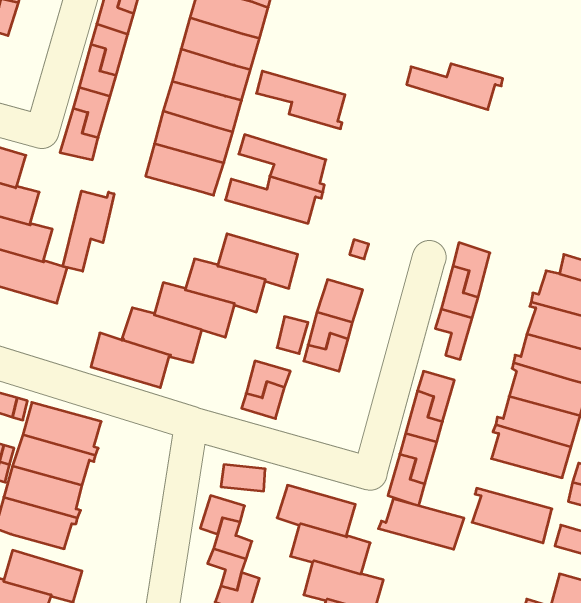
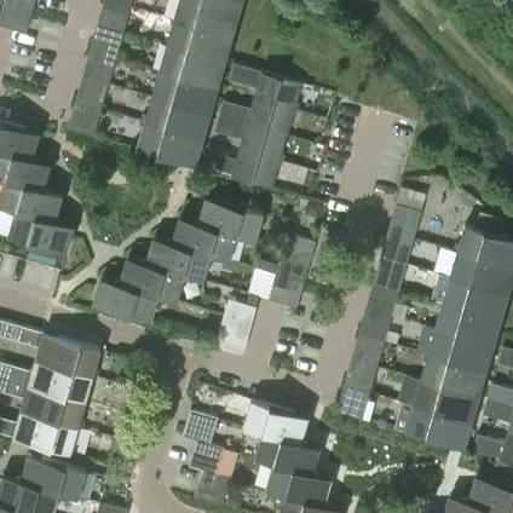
building: [407,64,503,110] -> [219,99,298,137]
building: [63,191,114,271] -> none
building: none -> [365,275,396,317]
building: [378,499,464,549] -> [409,381,479,422]

